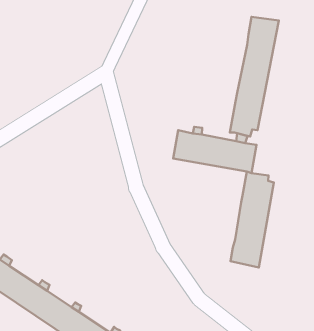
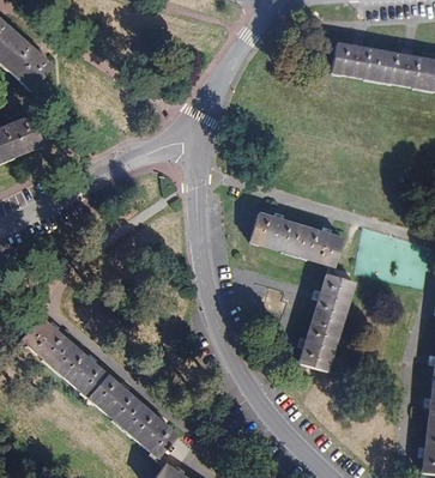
building: [230,17,279,137] -> none

